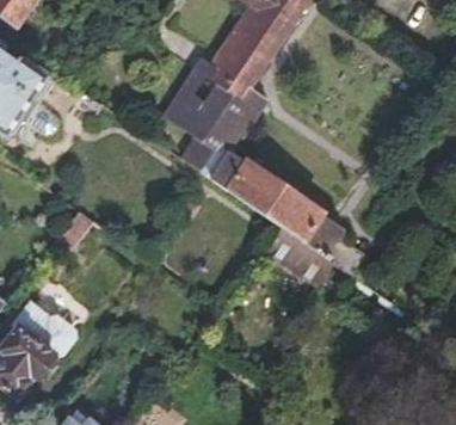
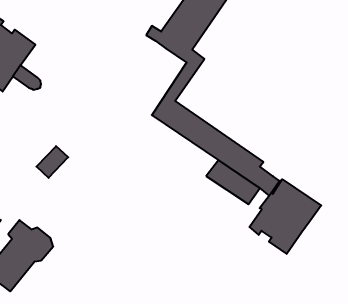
building: [161,67,242,168] -> none
building: none -> [249,179,321,254]

